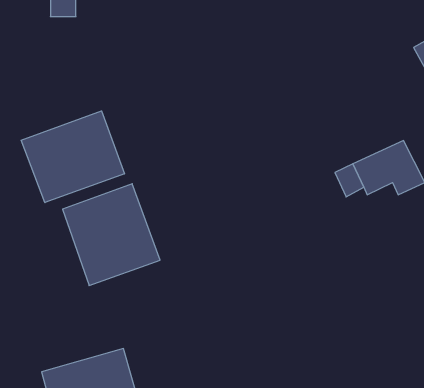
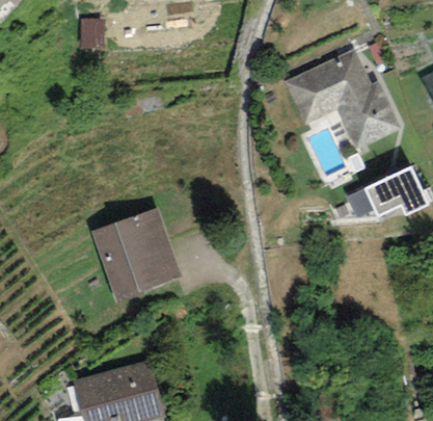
building: none -> [285,49,399,150]
building: [21,111,124,203] -> none

